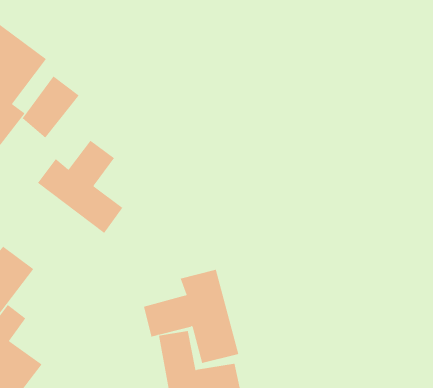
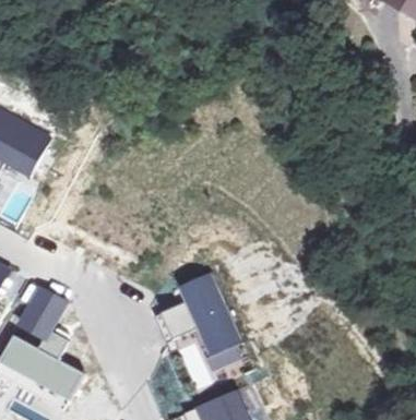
building: [22,75,80,138] -> none
building: [37,140,123,234] -> none

